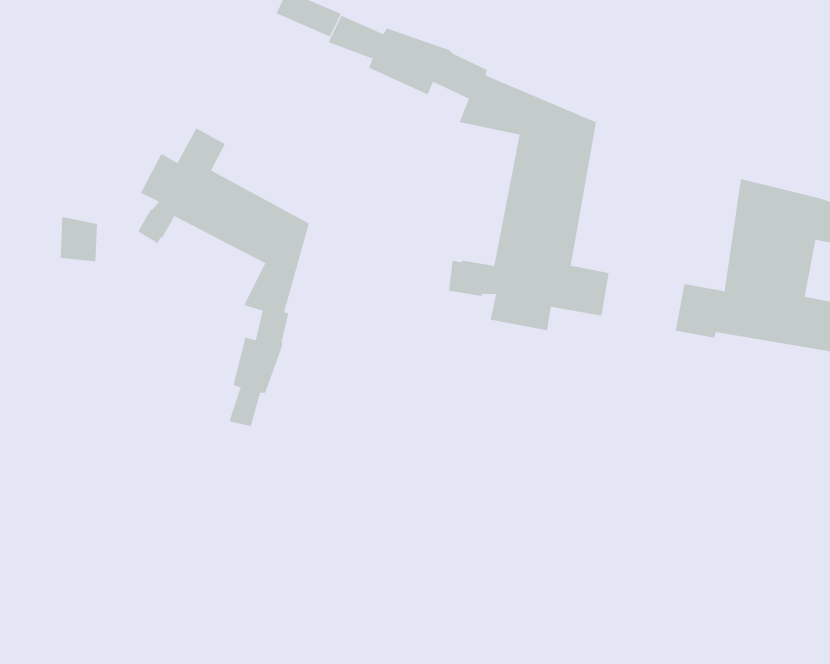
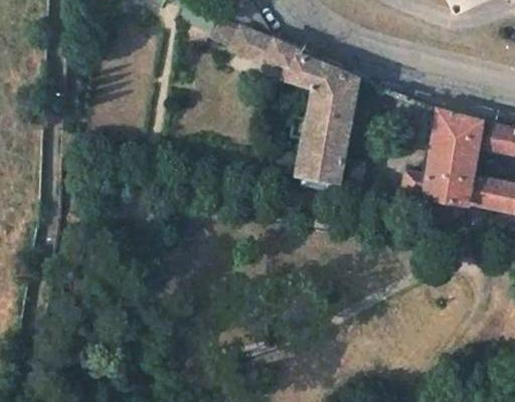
building: [137,128,310,427] -> none

